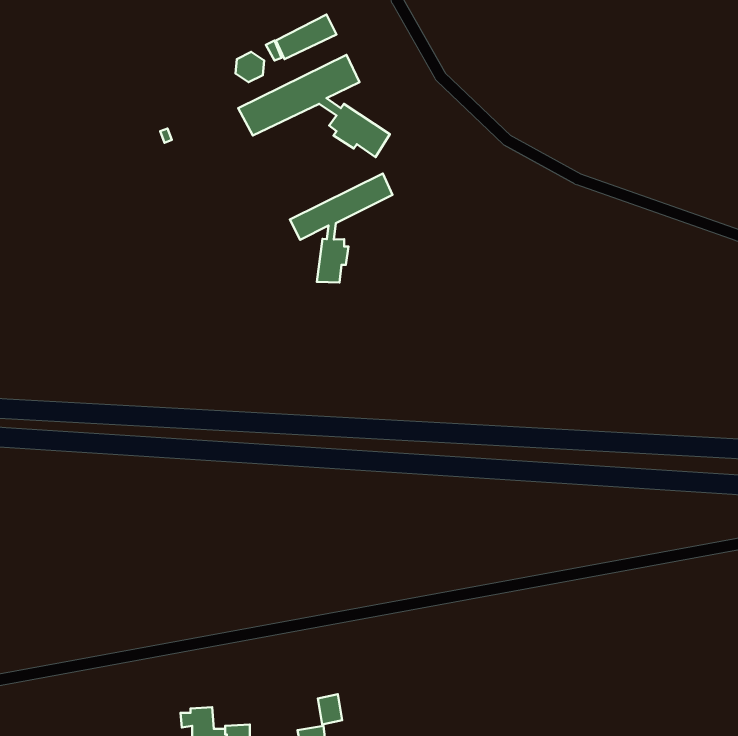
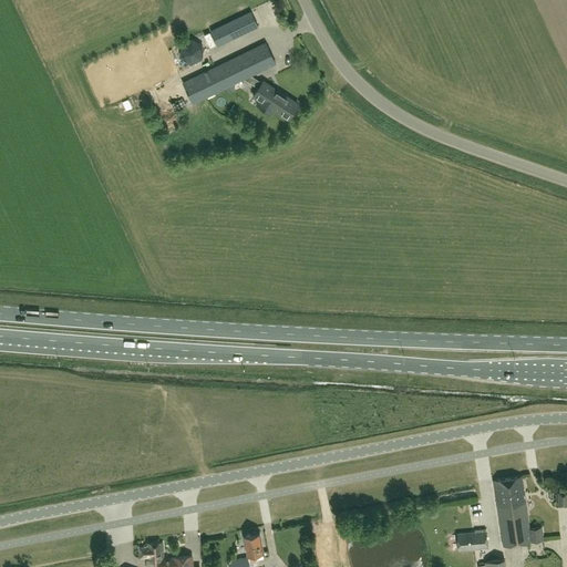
building: [290,174,392,283] -> none
building: none -> [493,477,543,547]
building: none -> [457,533,487,551]

